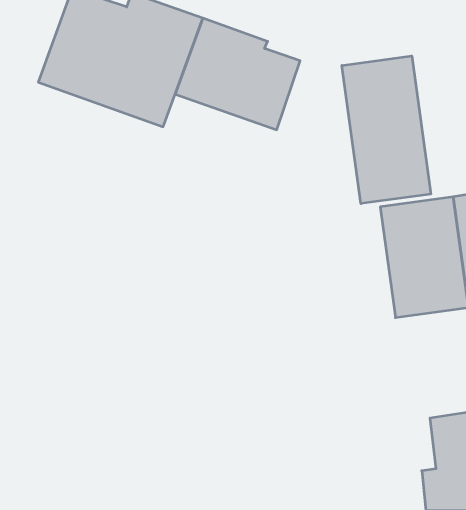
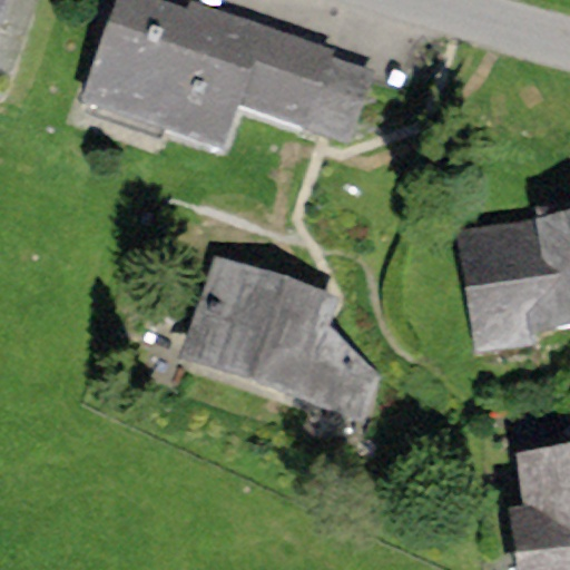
building: [342,56,431,204] -> none
building: none -> [183,253,380,426]

